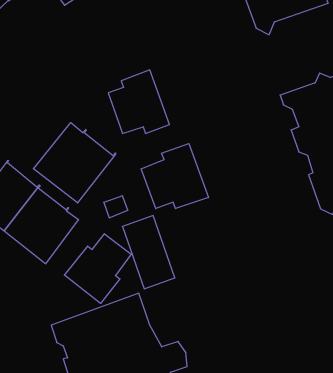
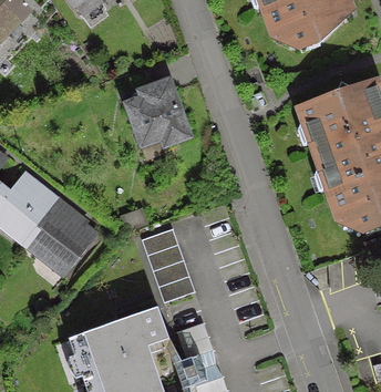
building: [33,123,116,203] -> none
building: [141,144,208,209] -> none
building: [64,234,131,303] -> none

